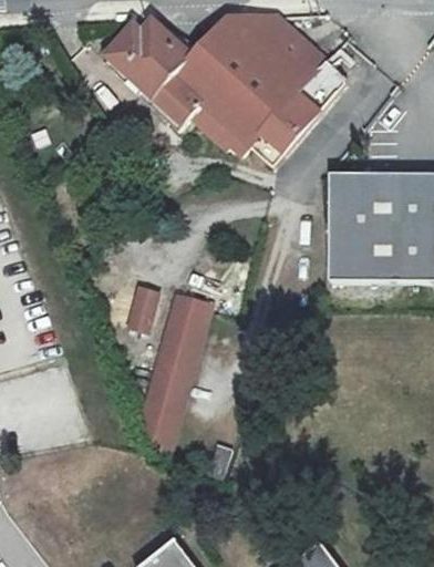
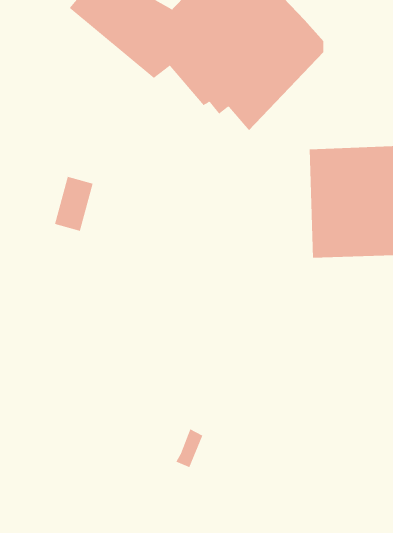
building: [120,281,156,332] -> [54,176,94,231]
building: [140,292,220,444] -> none

